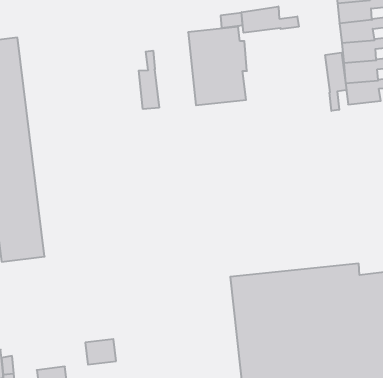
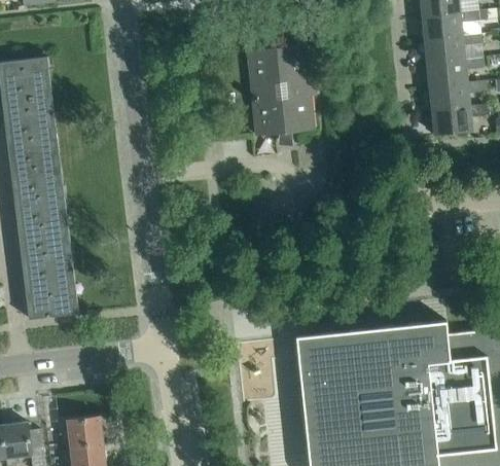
building: [242,6,299,33] -> none
building: [139,51,159,109] -> none
building: [325,53,346,111] -> none
building: [85,339,116,365] -> [67,416,103,445]

